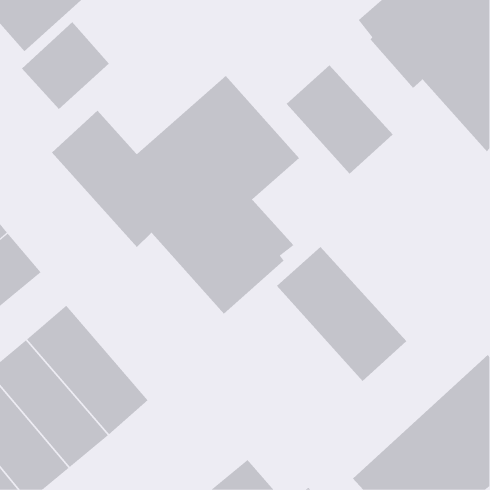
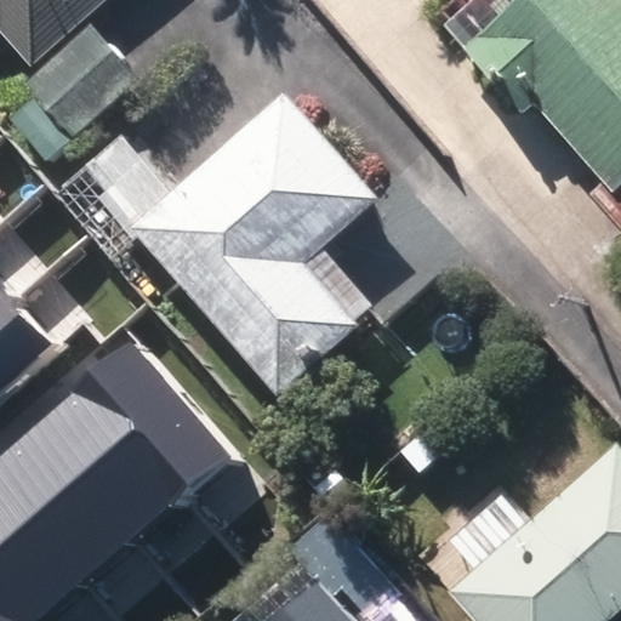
building: [286,65,394,175] -> none
building: [276,246,407,382] -> none
building: none -> [84,336,243,503]

